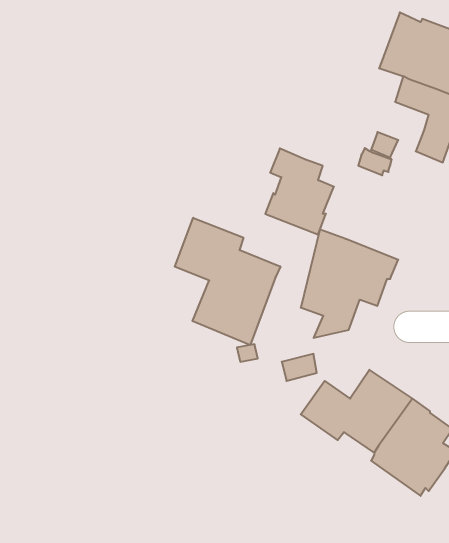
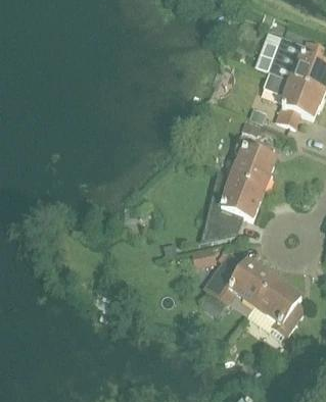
building: [265,148,334,235] -> [233,132,277,187]
building: [175,218,280,345] -> none

